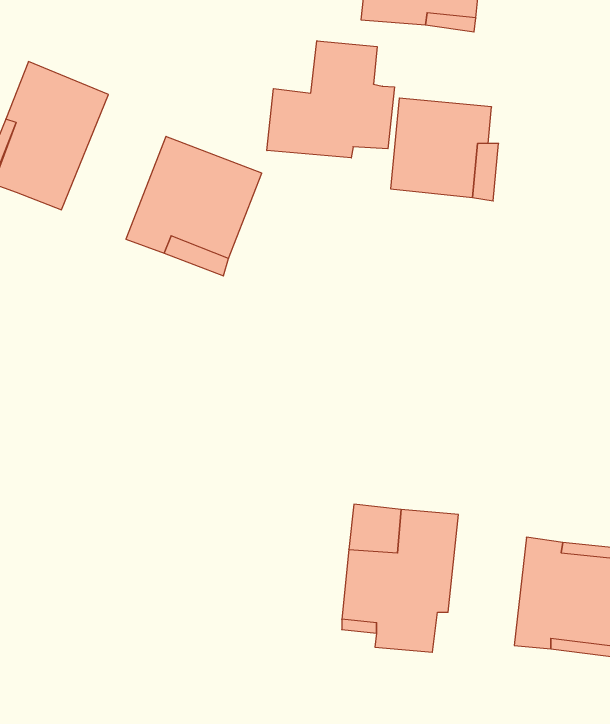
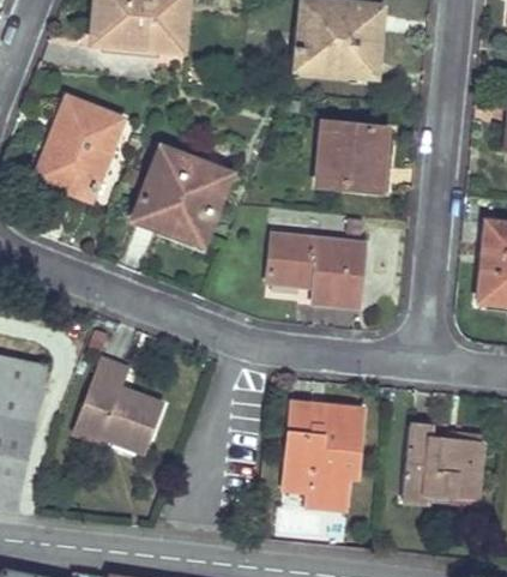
building: [267,41,394,158] -> none
building: none -> [267,233,364,306]
building: none -> [72,357,163,451]

